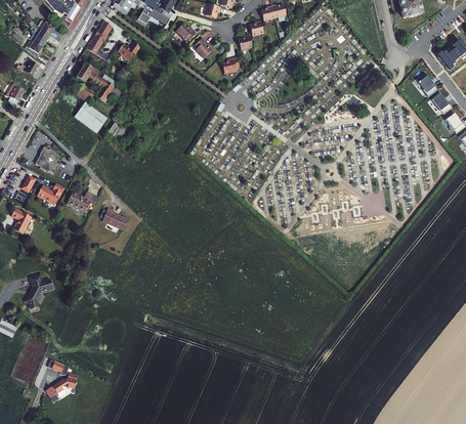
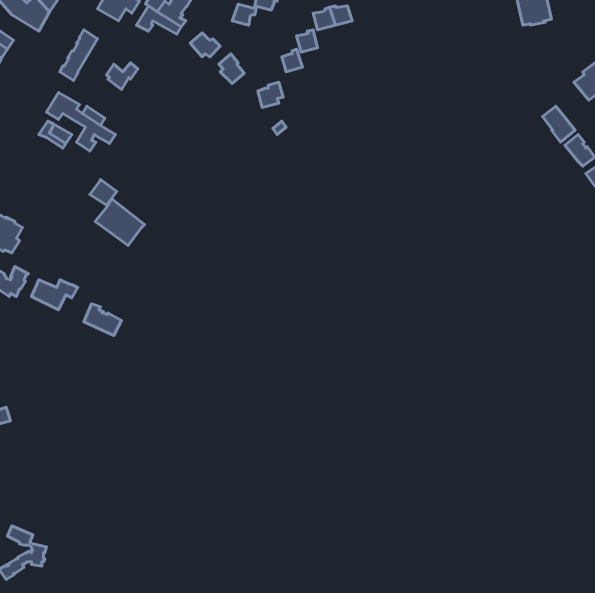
building: [74,101,108,133] -> [95,199,145,245]

